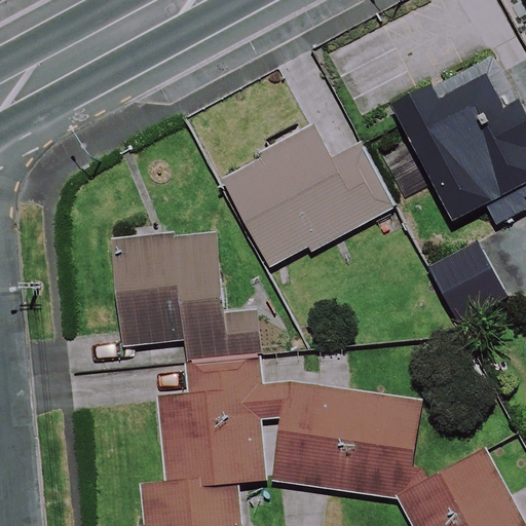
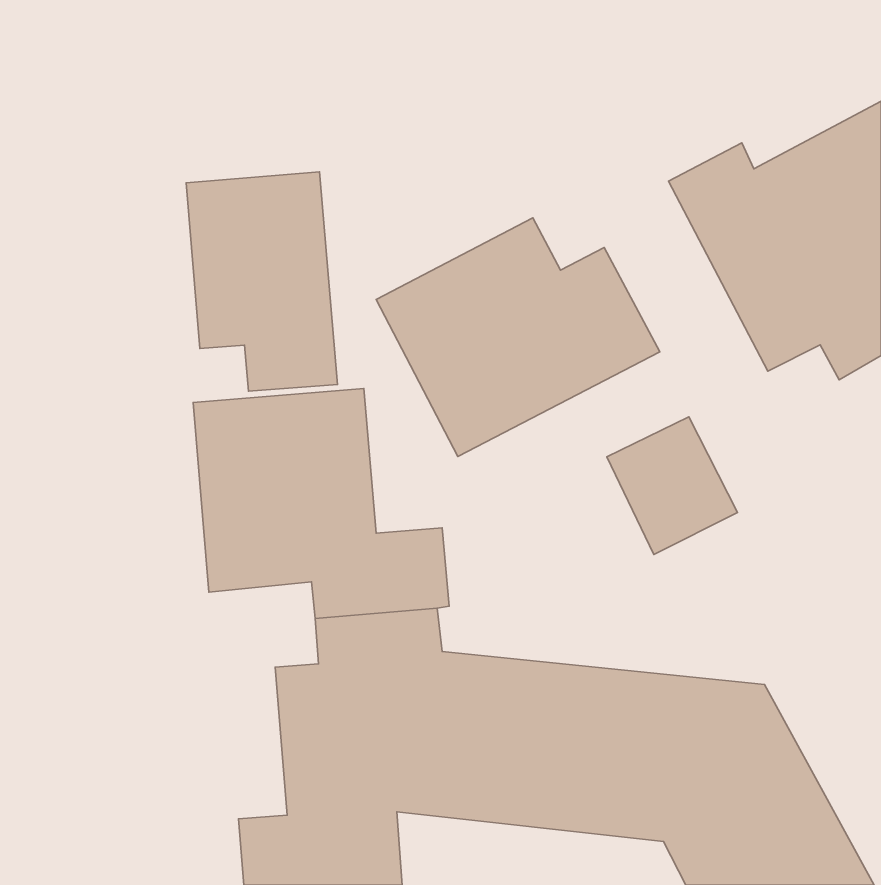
building: none -> [186,172,338,391]
building: [429,241,506,323] -> [607,417,738,554]

